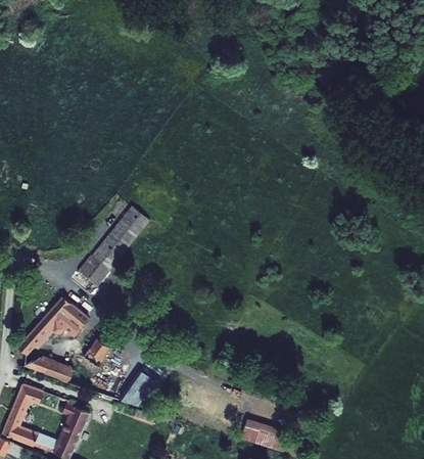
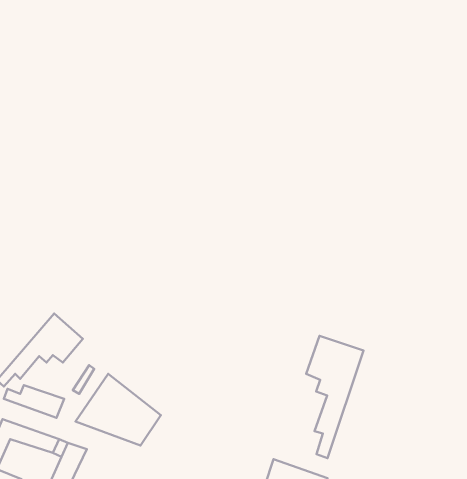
building: [67,204,147,294] -> none
building: none -> [306,336,363,458]

